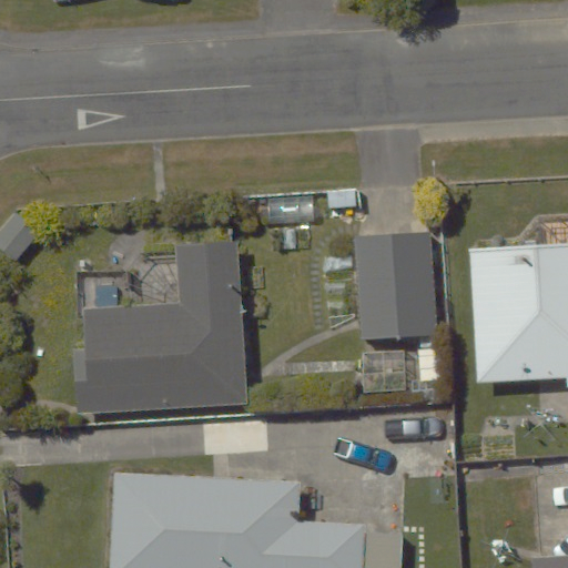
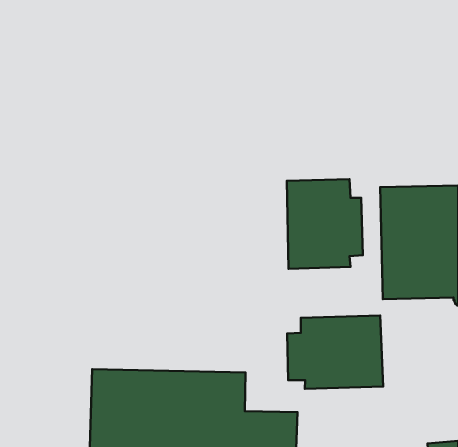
building: [72,240,251,417] -> none
building: none -> [287,315,383,389]

